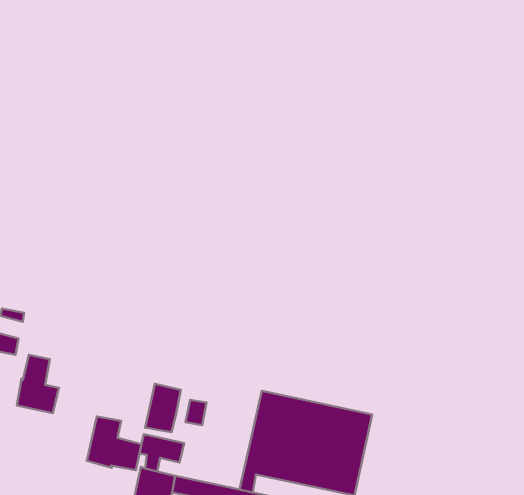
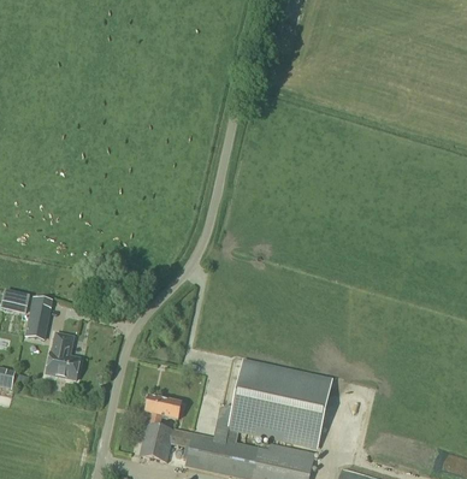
building: [145,384,181,432] -> none
building: [87,416,141,470] -> none

